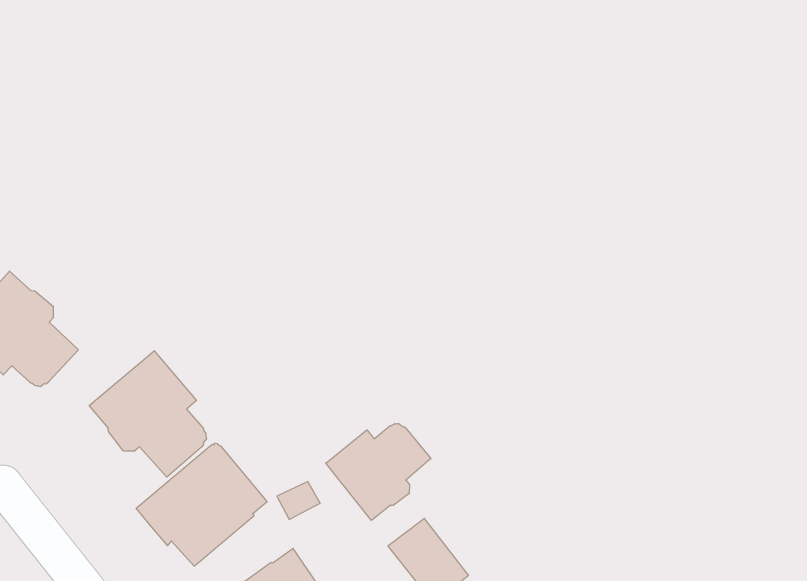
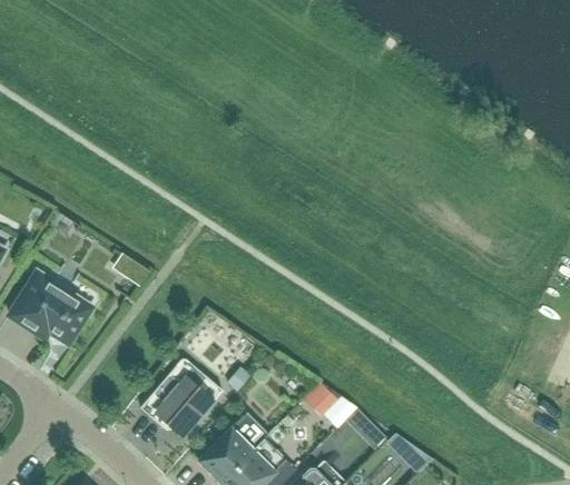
building: [89,351,206,477] -> none
building: [326,424,431,520] -> none

